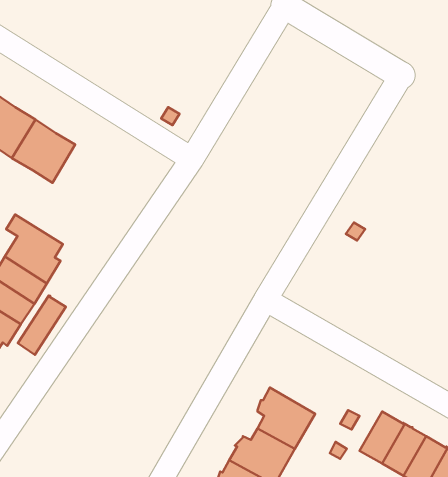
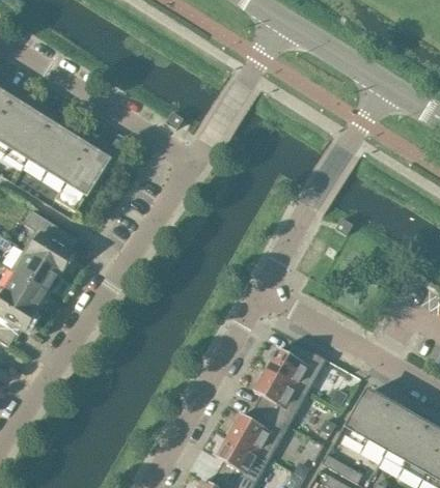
building: none -> [54,146,107,211]
building: [18,295,66,355] -> none
building: none -> [265,340,326,393]

